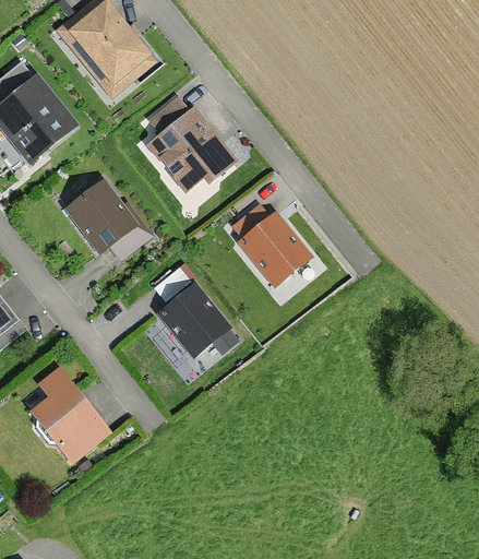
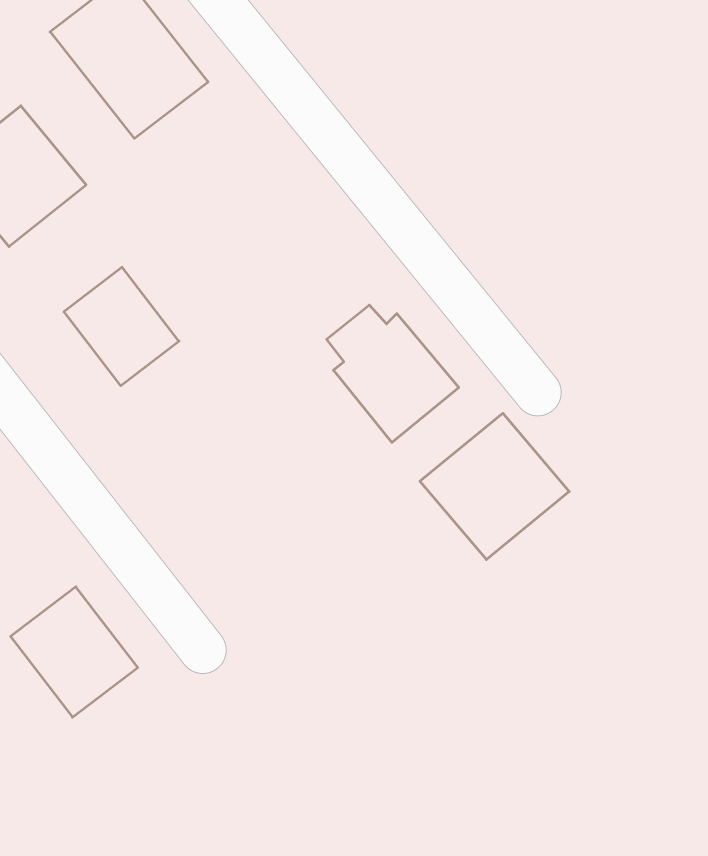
building: [145,94,239,194] -> none
building: none -> [420,413,569,560]
building: [157,282,231,357] -> none

